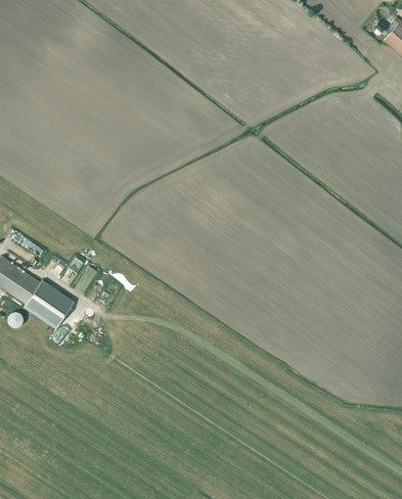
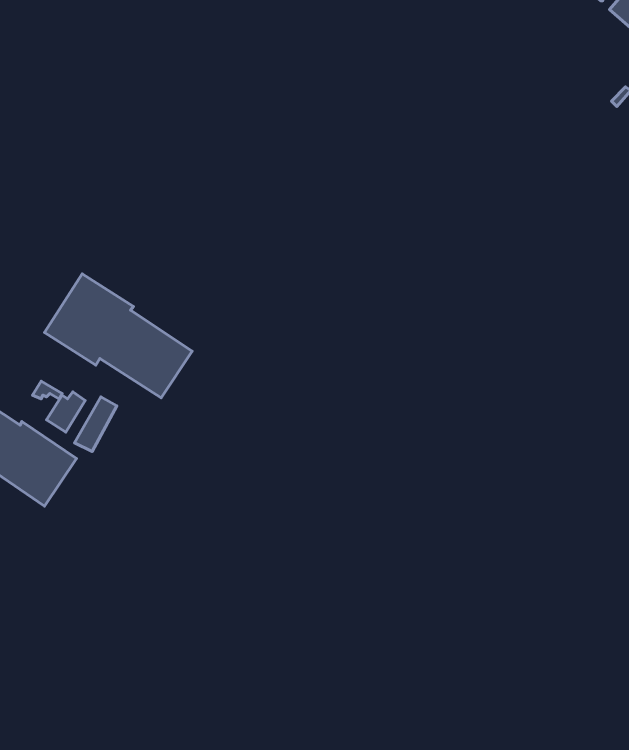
building: none -> [44,274,192,398]

